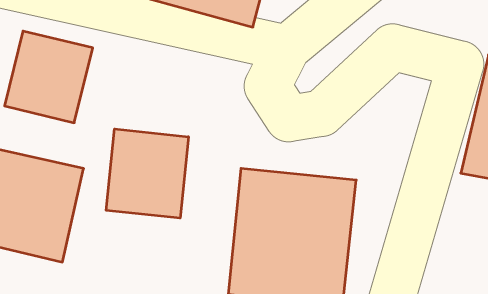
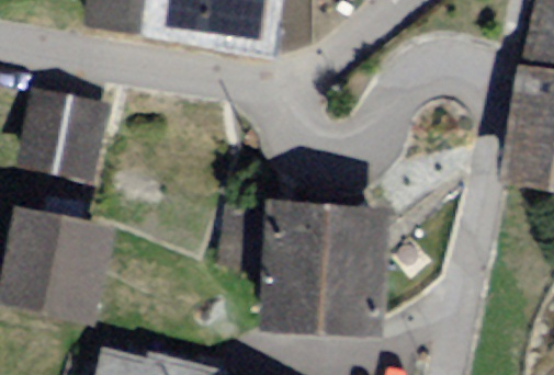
building: [106,129,188,218] -> none

